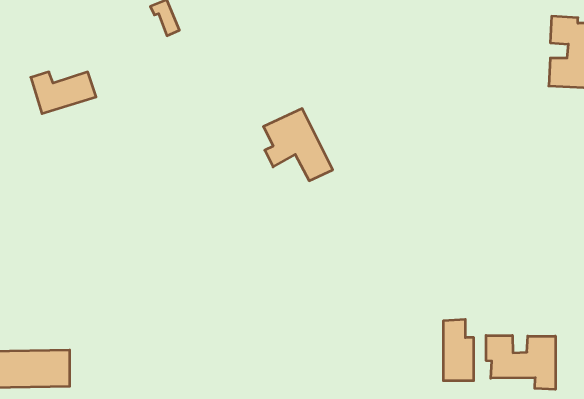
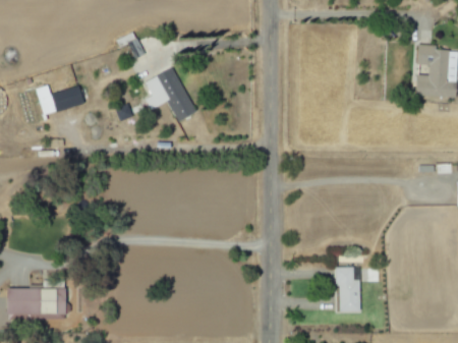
building: [263,109,333,181] -> [146,68,196,121]
building: [486,335,555,389] -> none

